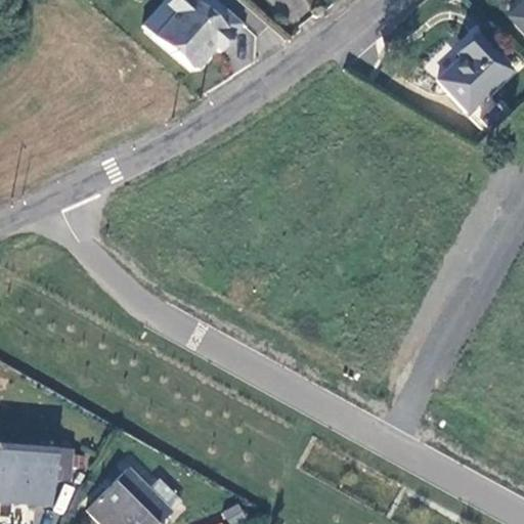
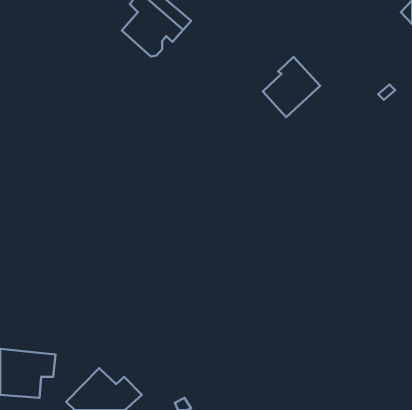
building: [438,36,511,113] -> [263,57,320,117]

